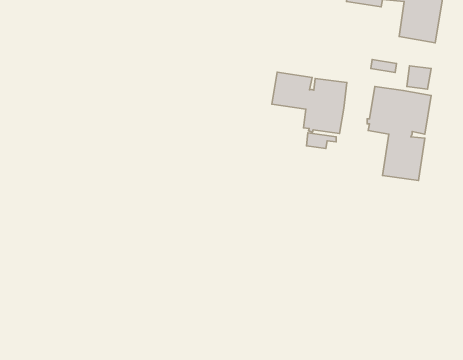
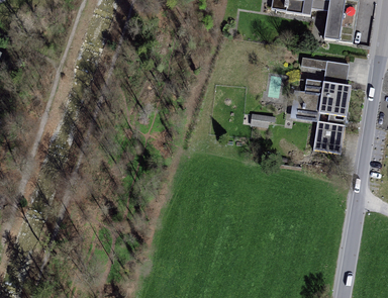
building: [272,72,347,134] -> none

